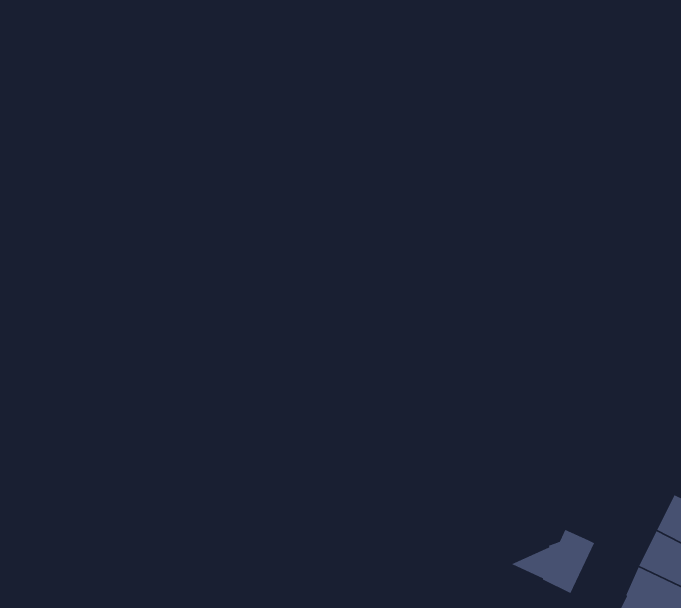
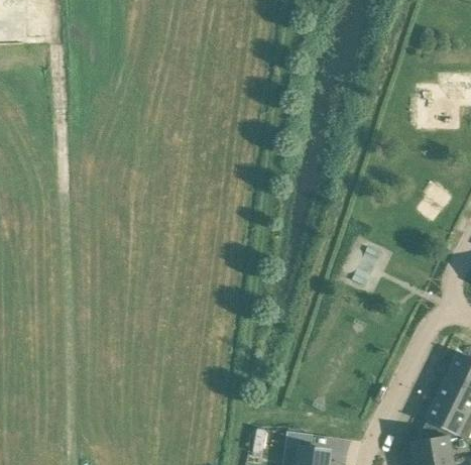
building: [511,529,595,594] -> none

